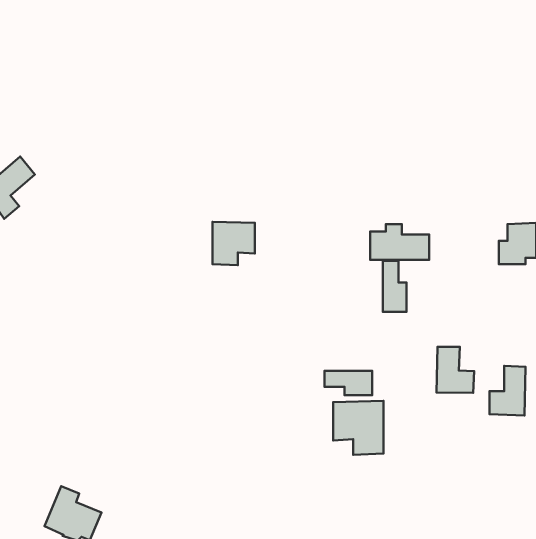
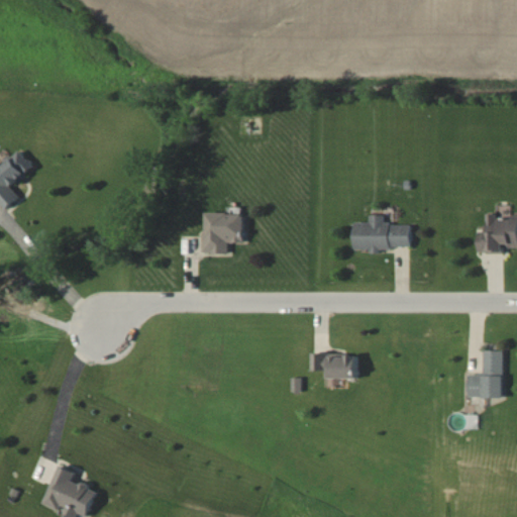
building: [383,261,407,312] -> none
building: [437,347,474,393] -> none
building: [333,401,383,455] -> none

